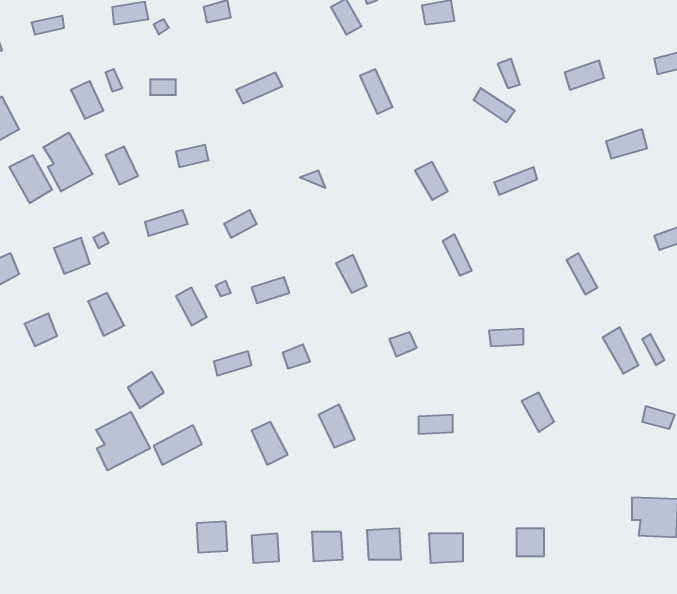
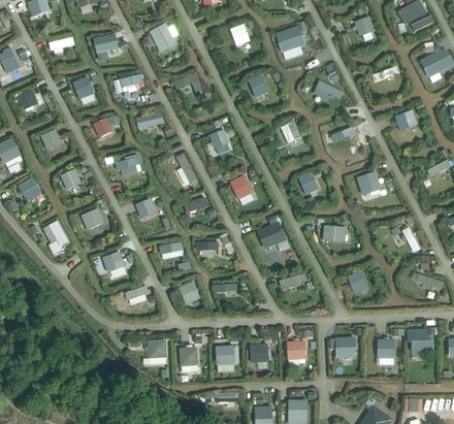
building: [43,133,93,192] -> none
building: [96,412,150,470] -> none
building: none -> [379,338,398,363]

